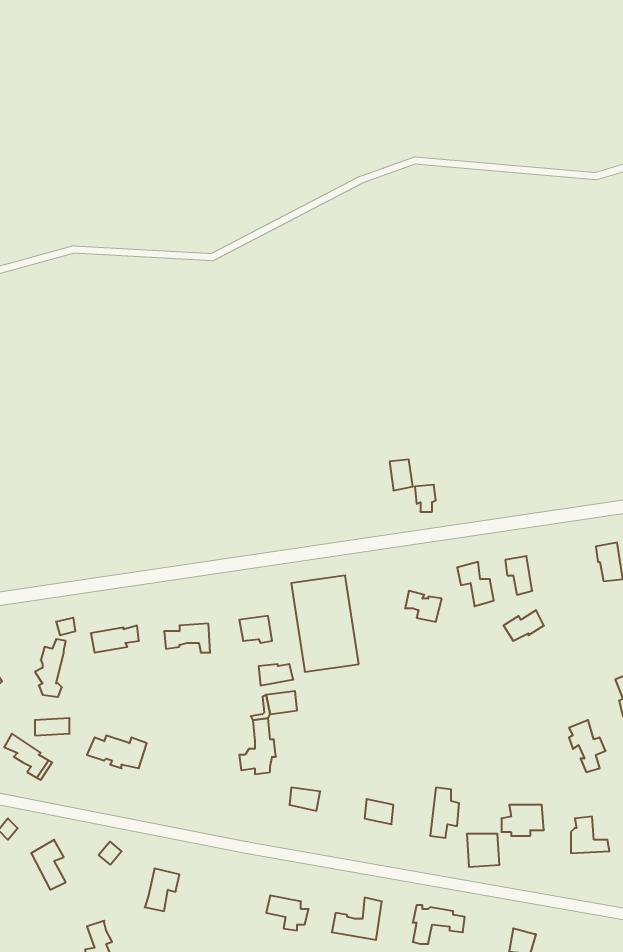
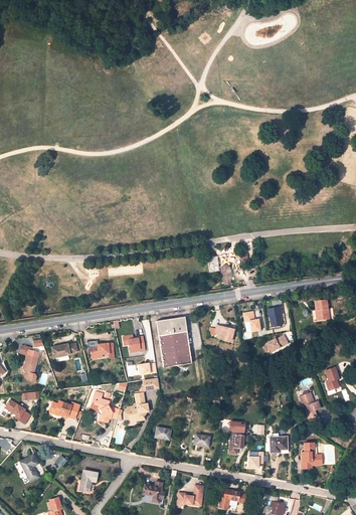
building: none -> [90,394,120,422]

